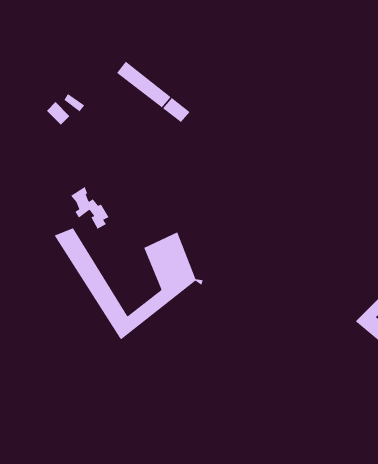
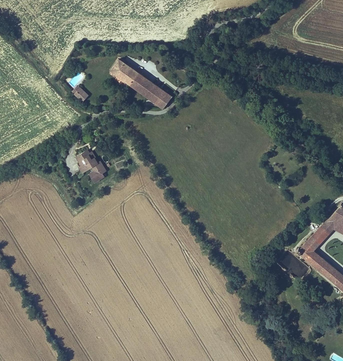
building: [54,228,204,340] -> none

